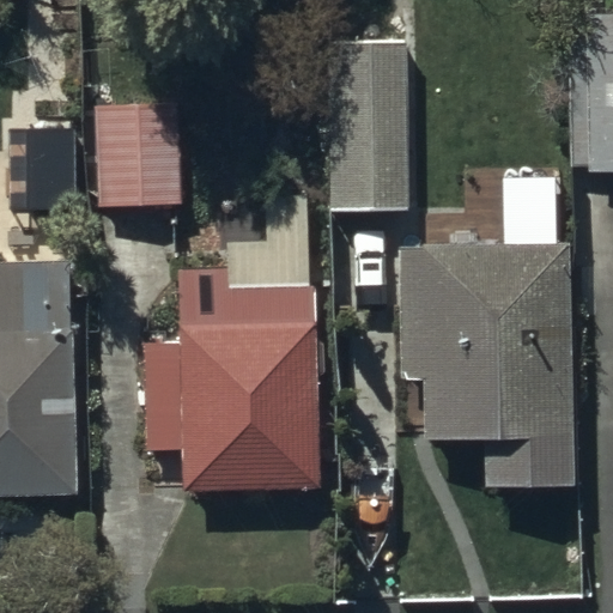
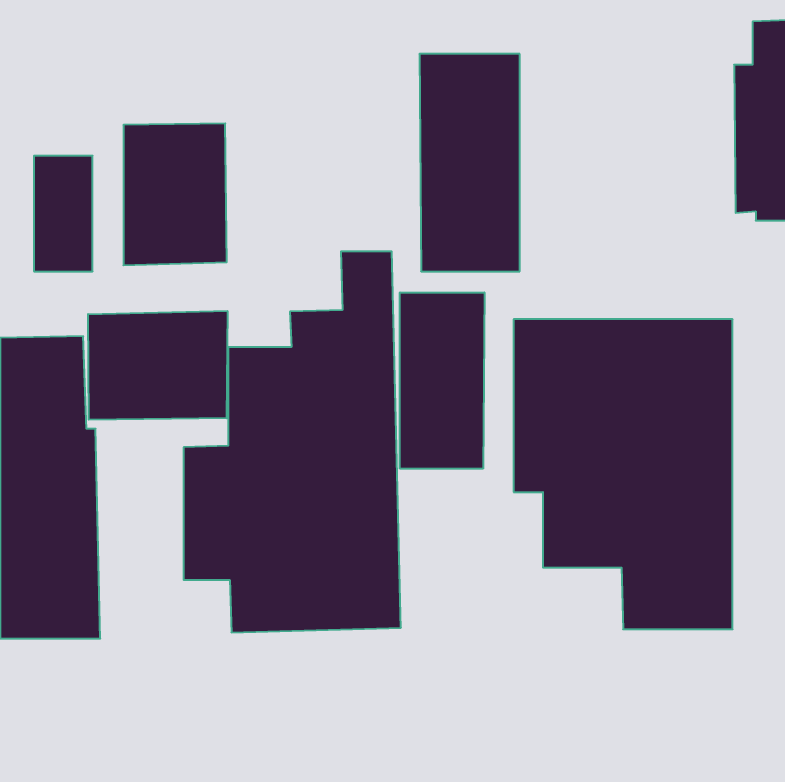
building: none -> [400,292,484,469]
building: none -> [88,311,227,420]

